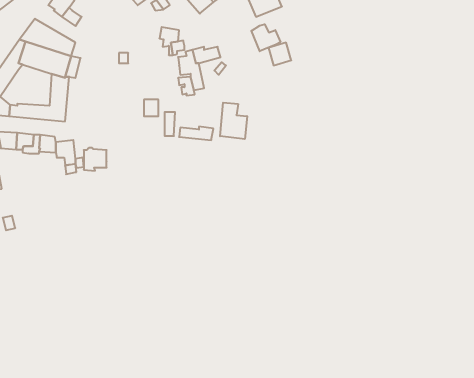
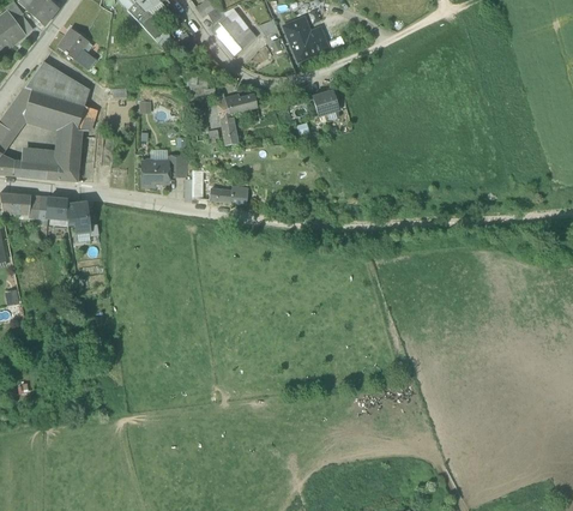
building: [251,24,280,51] -> none
building: none -> [22,115,61,163]
building: [220,103,247,139] -> none
building: [84,148,107,171] -> [141,160,168,186]

